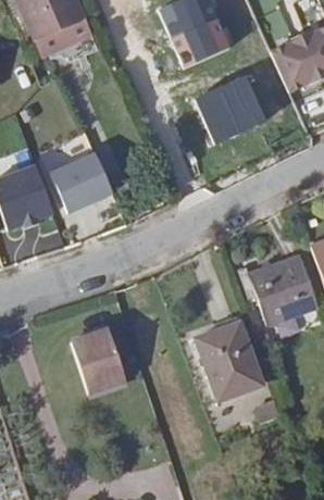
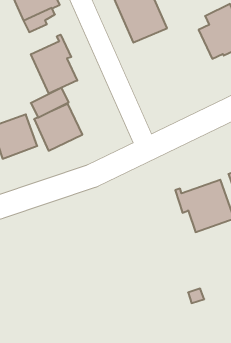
building: none -> [31,35,77,94]
building: [196,74,269,145] -> none
building: [197,323,262,400] -> none
building: [72,328,127,395] -> none

